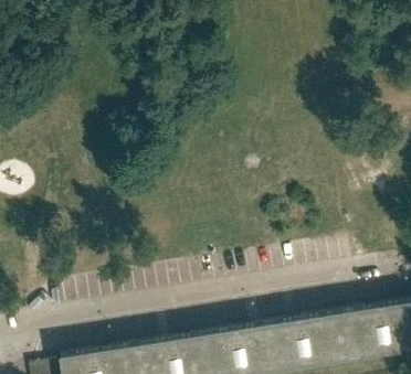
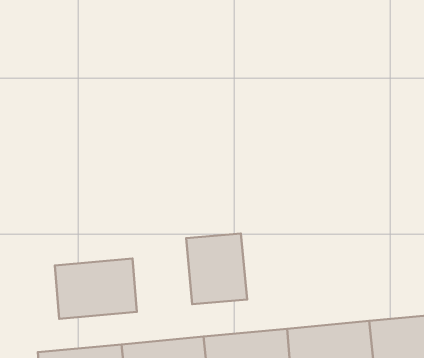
building: none -> [186,234,247,304]
building: none -> [55,259,137,319]

